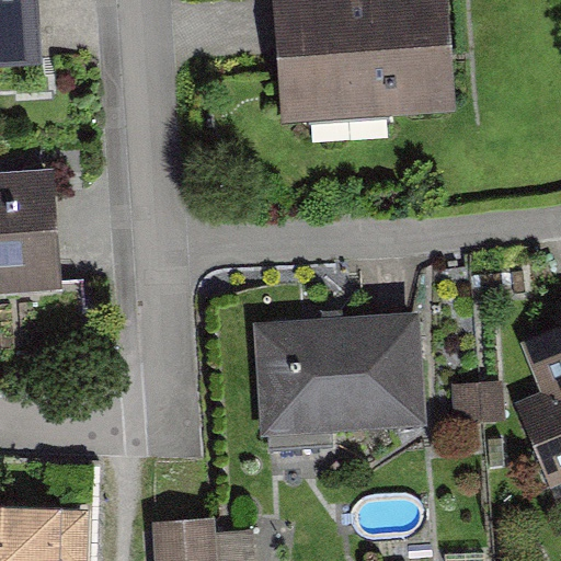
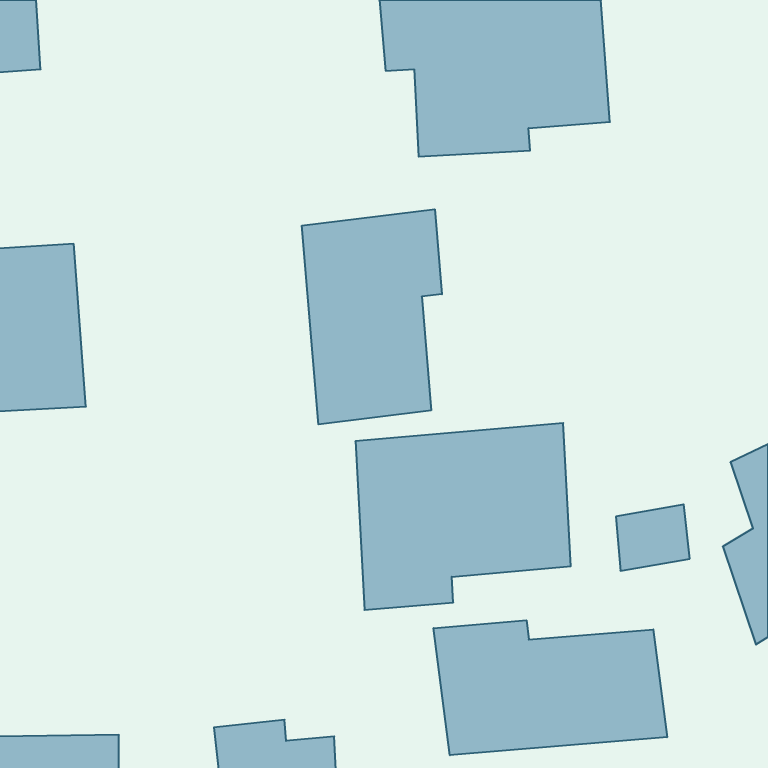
building: none -> [302,209,442,424]
building: none -> [434,620,667,755]

